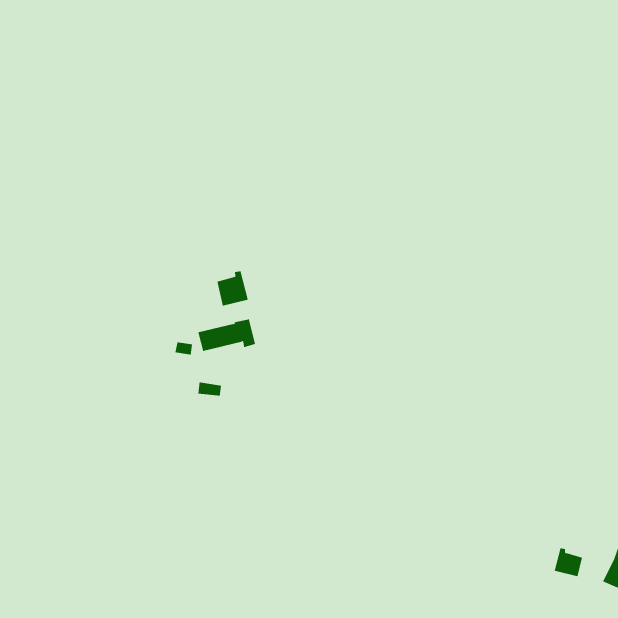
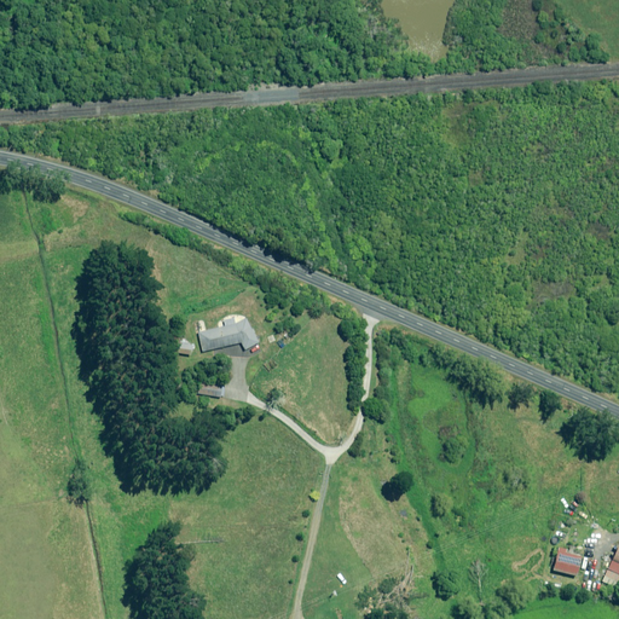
building: [217,270,248,306] -> none

